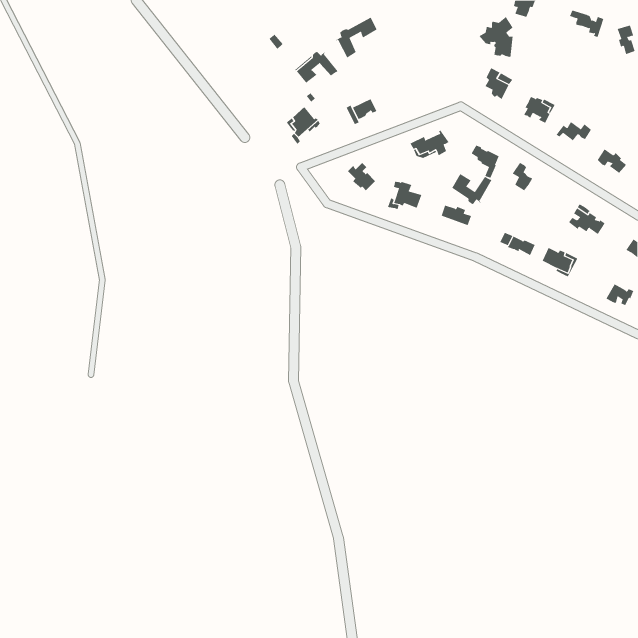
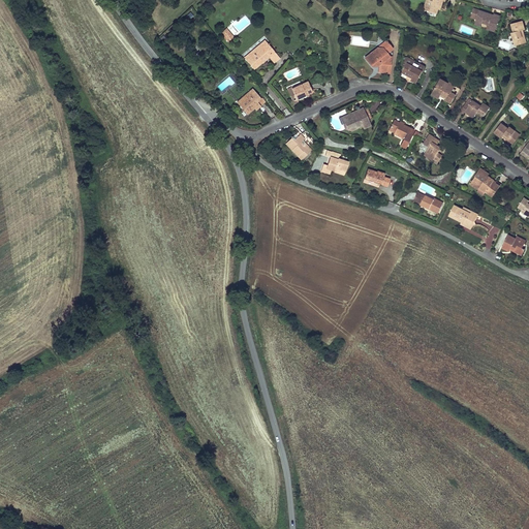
building: [479,16,514,57] -> [364,39,393,73]
building: [335,17,378,59] -> none
building: [451,173,492,205] -> none

